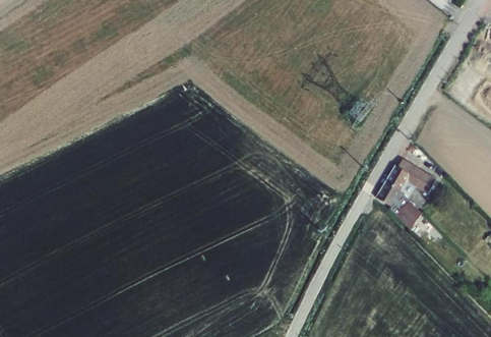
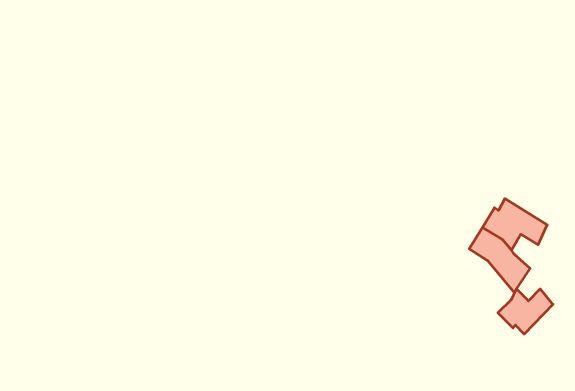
building: none -> [498,289,553,334]

